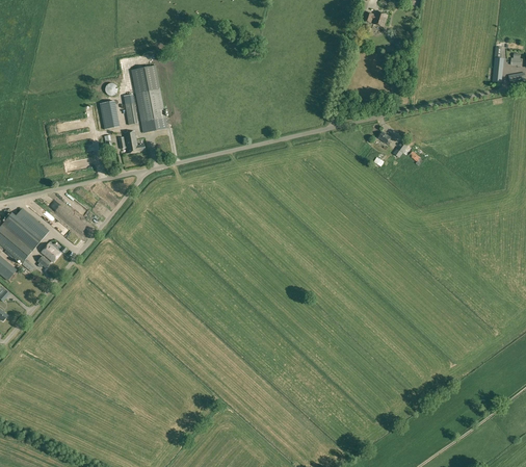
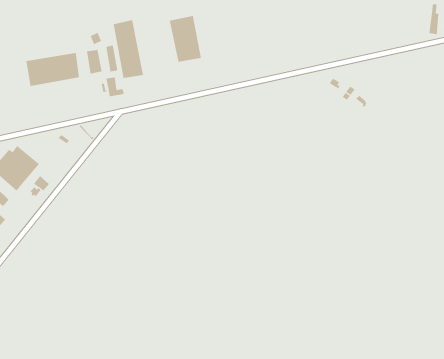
building: none -> [169,15,202,63]
building: none -> [26,52,80,87]

